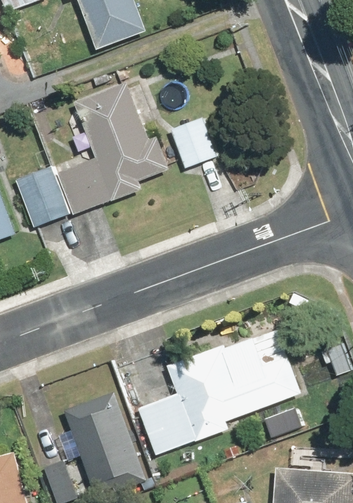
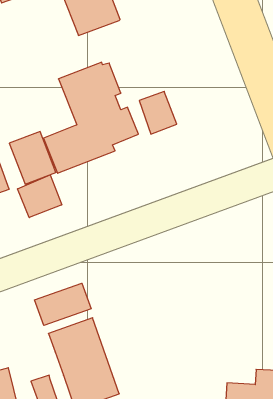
building: none -> [18,175,62,218]
building: [138,326,304,455] -> none
building: none -> [35,283,91,325]

